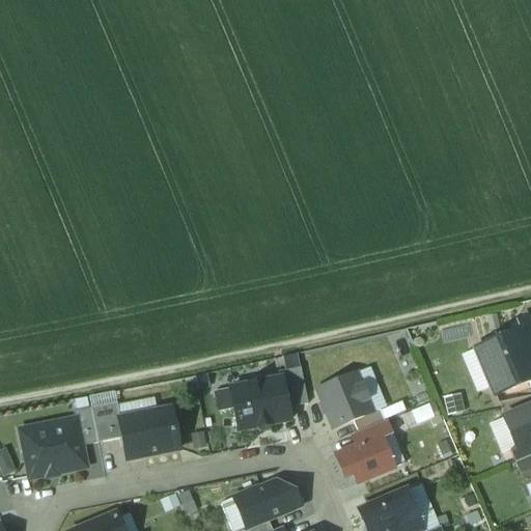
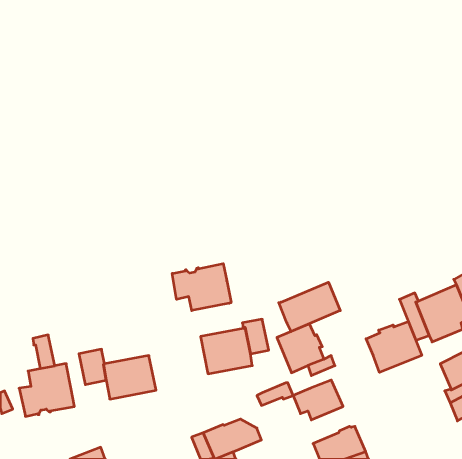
building: none -> [172,264,231,311]
building: none -> [279,282,340,332]
building: none -> [366,322,422,372]
building: [75,404,100,443] -> [33,335,55,368]
building: [352,418,393,444] -> [257,383,293,405]

